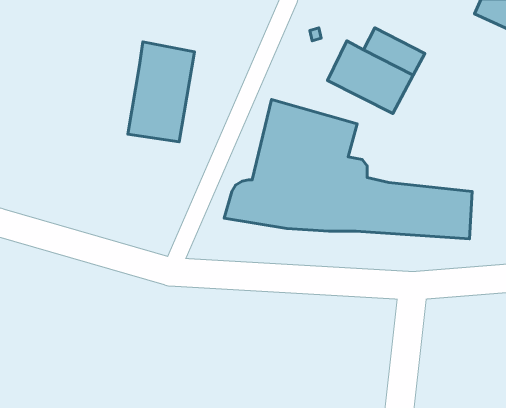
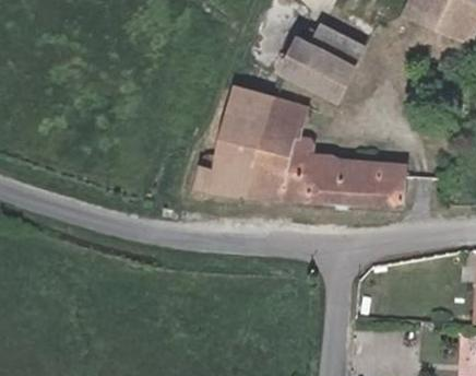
building: [128,42,195,142] -> none

